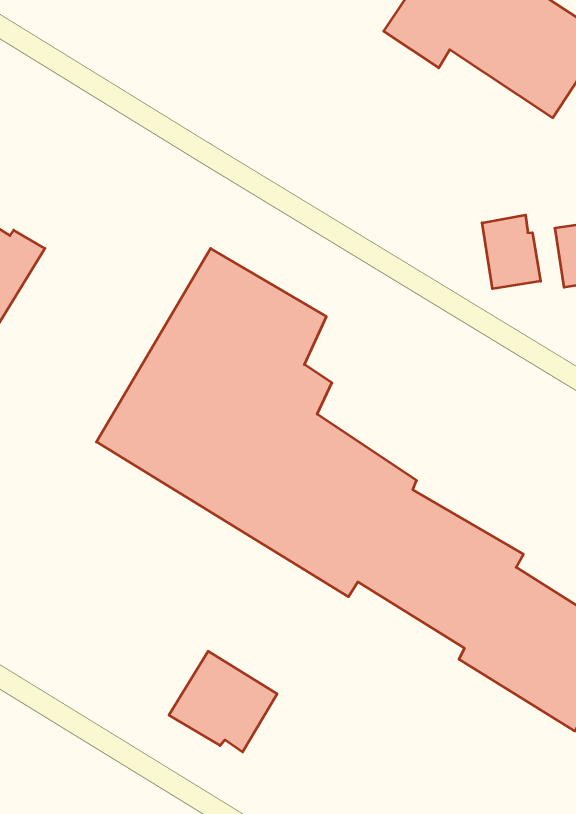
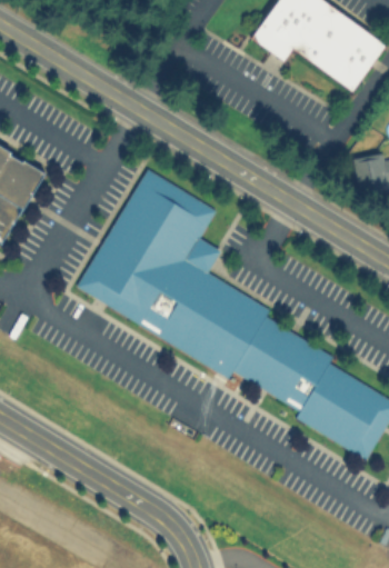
building: [482,215,541,289] -> none
building: [169,651,277,752] -> none

